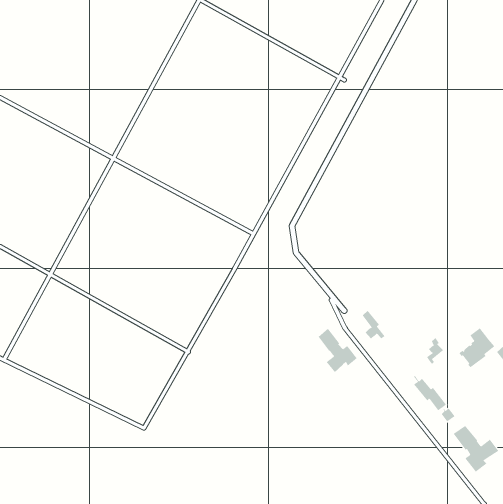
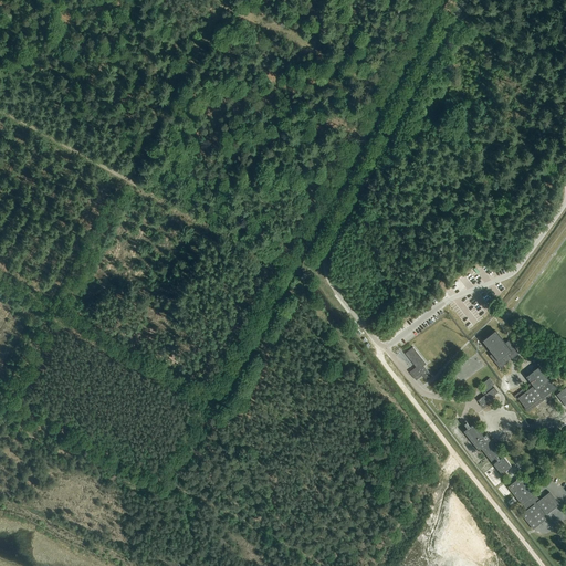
building: none -> [483,331,520,368]
building: [318,328,357,373] -> none

